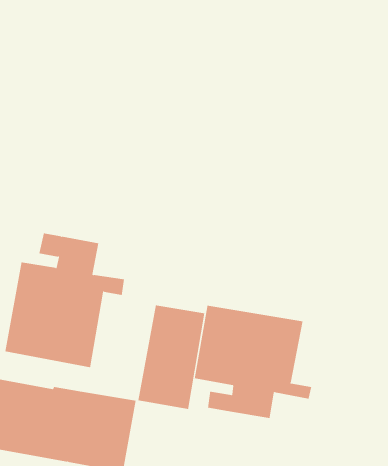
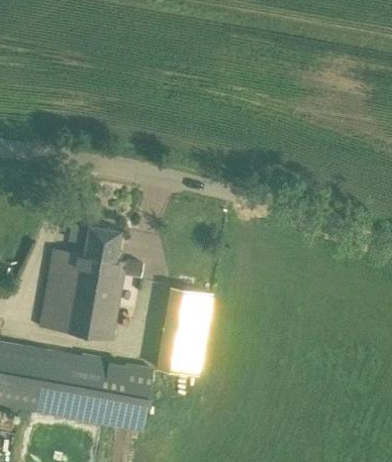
building: [194,305,312,419] -> none

